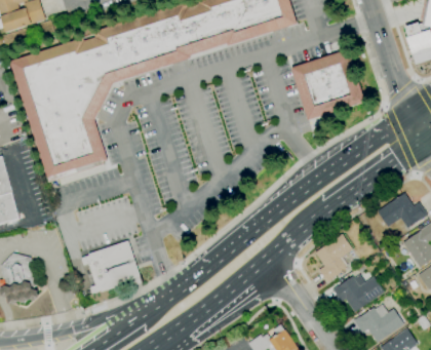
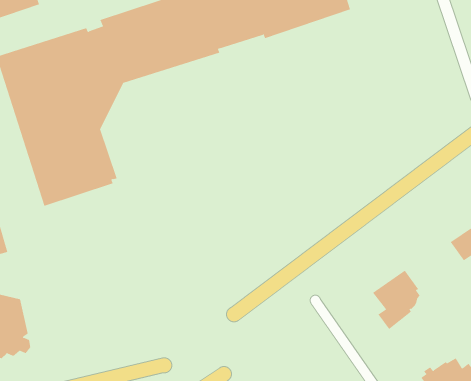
building: [290,49,365,120] -> none
building: [80,241,142,294] -> none
building: [331,274,384,313] -> none

